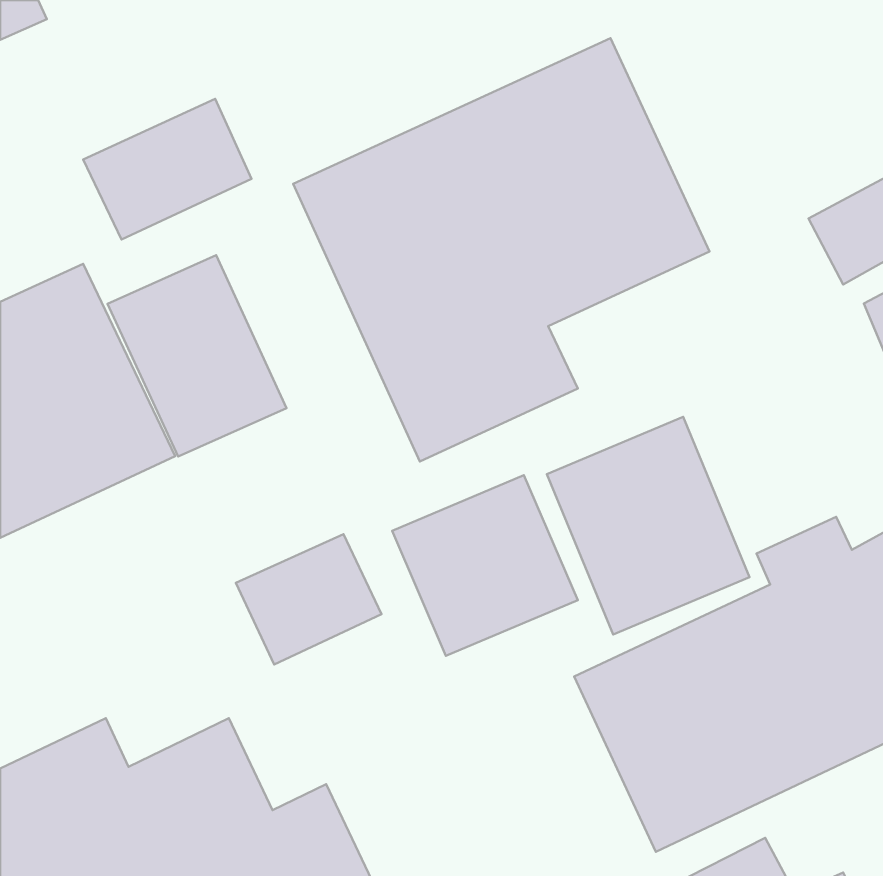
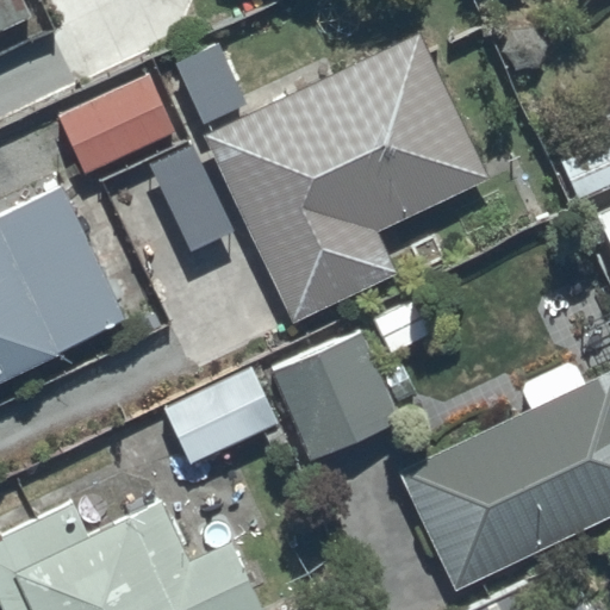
building: [108,255,287,457] -> none
building: [547,417,750,635] -> none

